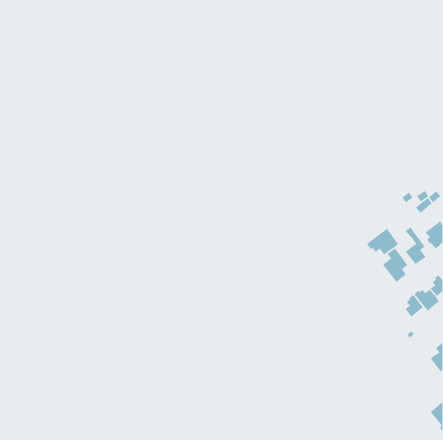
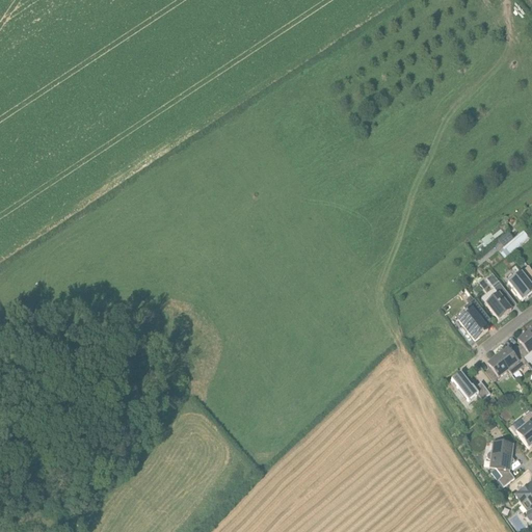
building: [366,228,398,255] -> none
building: none -> [451,369,489,399]
building: none -> [486,440,514,488]

